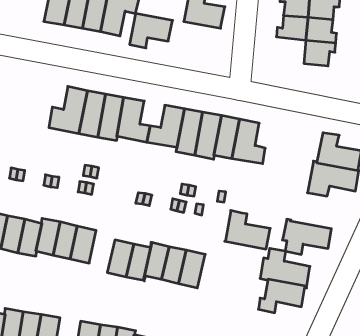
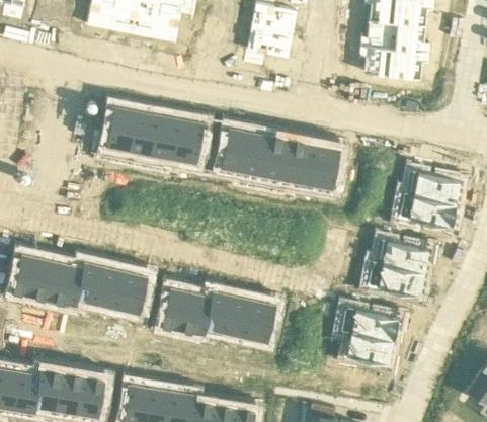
building: [130,14,173,48] -> [243,27,294,68]
building: none -> [358,46,394,77]
building: [225,210,270,249] -> [376,227,429,272]

